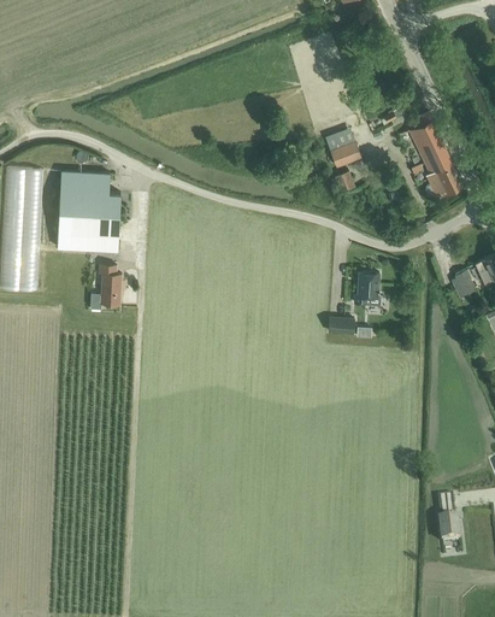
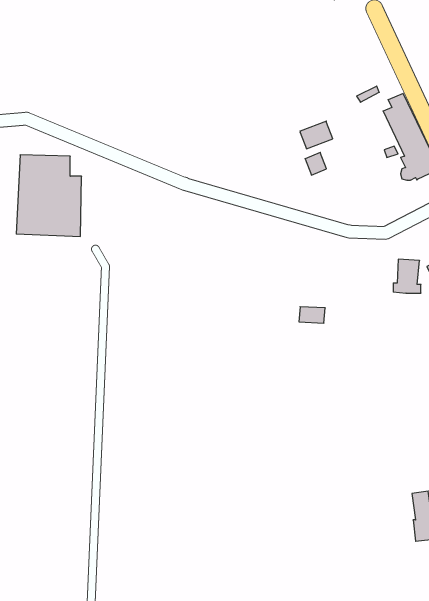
building: [89,265,120,308] -> none
building: [353,272,379,305] -> [393,259,421,293]

